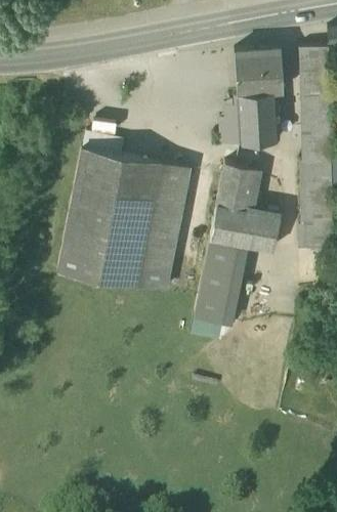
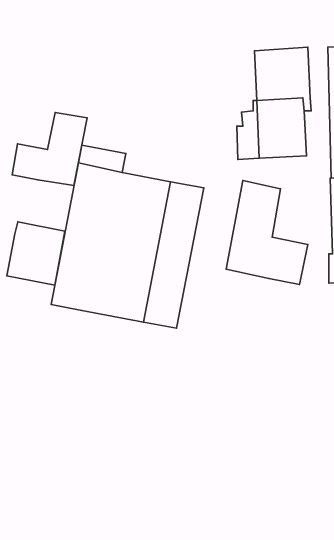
building: none -> [12,112,87,186]
building: none -> [7,222,65,285]
building: [191,240,247,343] -> none

